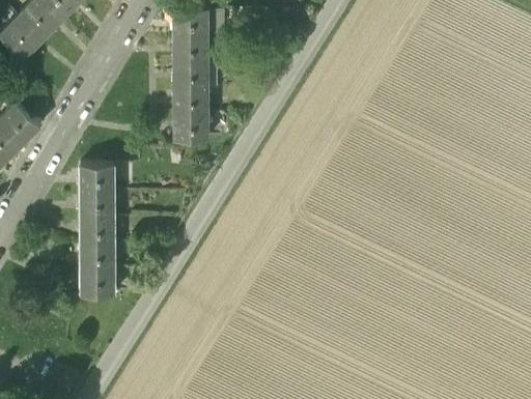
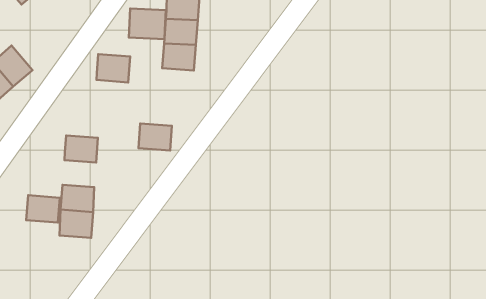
building: none -> [129,8,166,39]
building: [174,114,207,140] -> [138,123,172,151]
building: [80,165,113,192] -> [96,54,130,82]
building: [80,218,113,244] -> [26,195,60,222]

